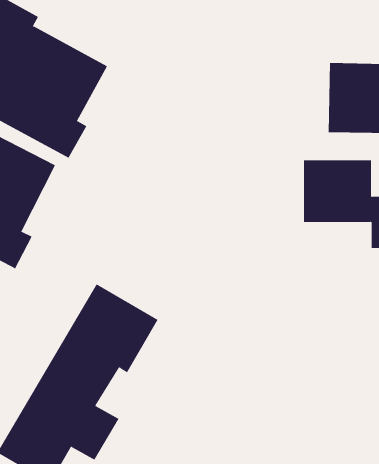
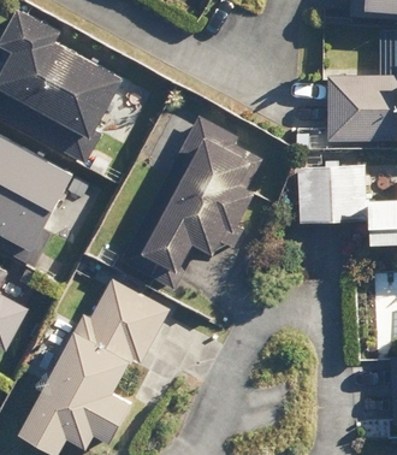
building: none -> [120,117,255,290]

